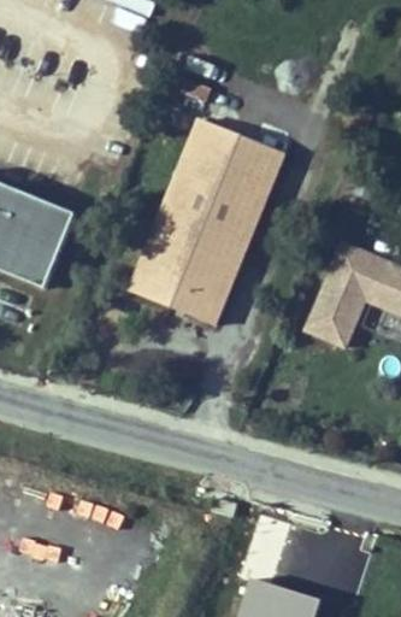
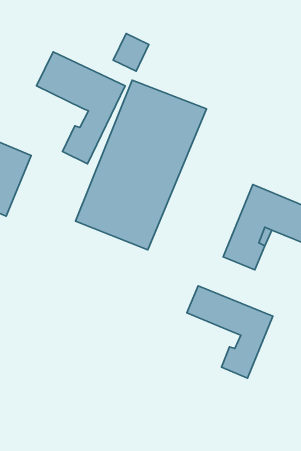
building: none -> [37,52,125,164]
building: none -> [187,286,273,378]

